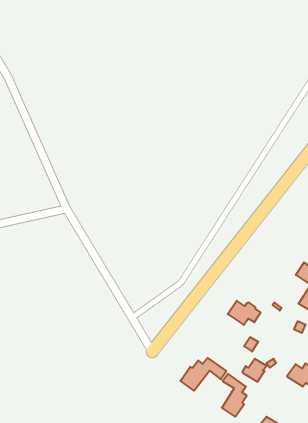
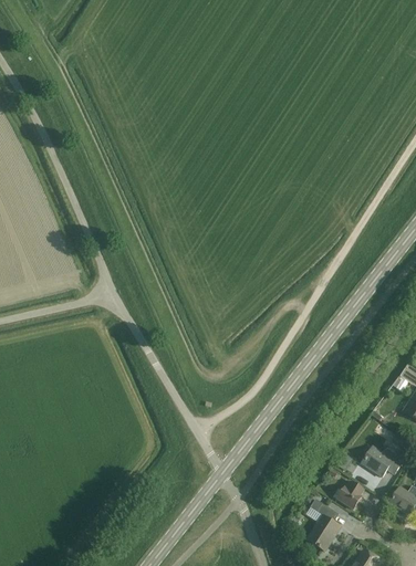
building: [228,301,261,325] -> [361,447,402,476]
building: [180,358,226,391] -> none

